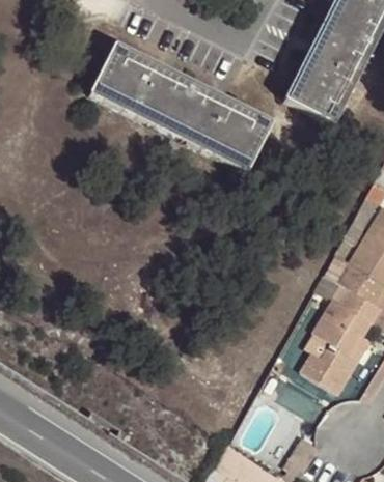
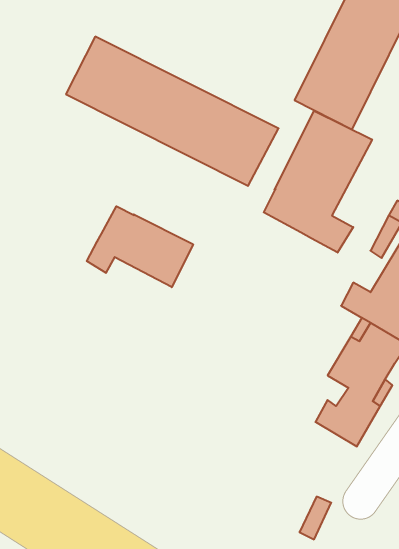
building: none -> [264,111,372,253]
building: none -> [87,206,193,287]

